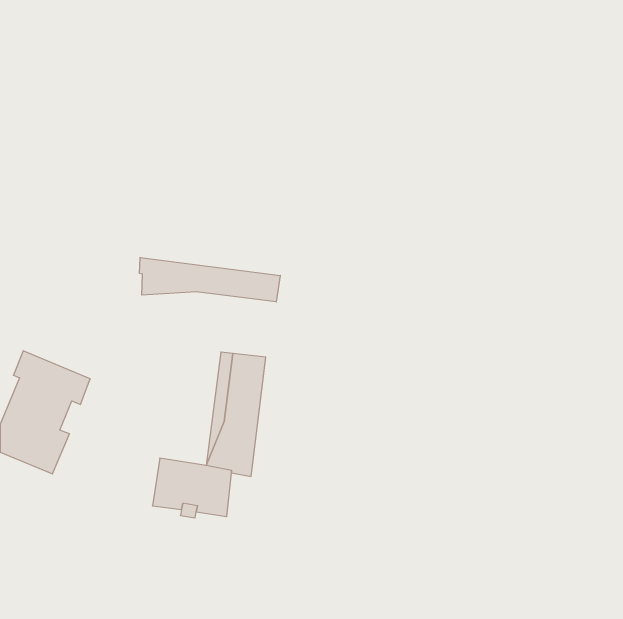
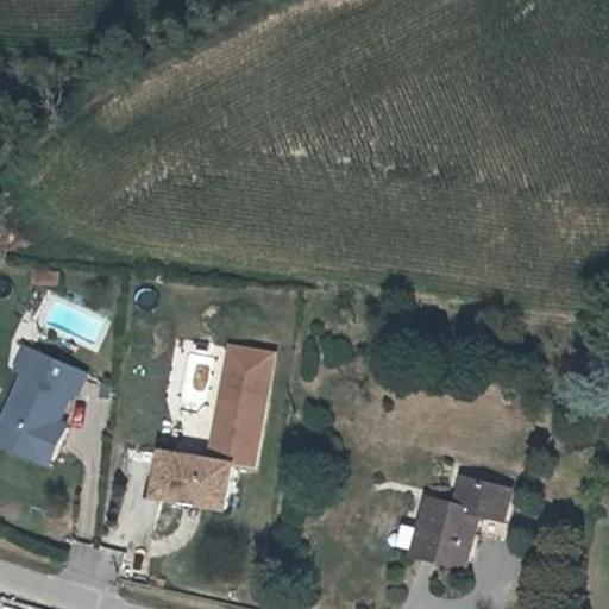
building: [140,257,280,302] -> none
building: none -> [415,488,515,578]

